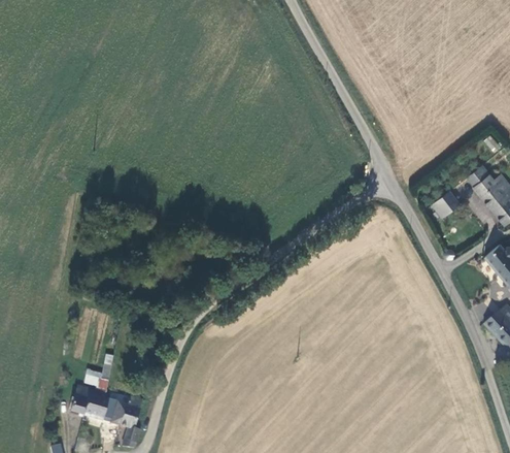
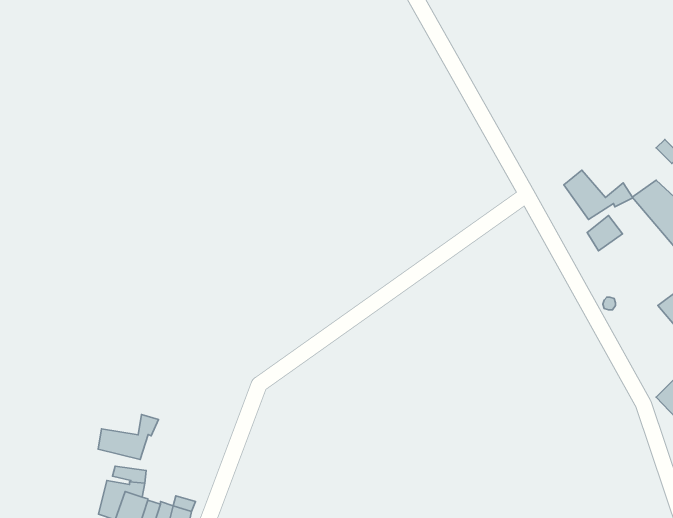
building: none -> [564,170,633,219]
building: none -> [98,414,158,460]

